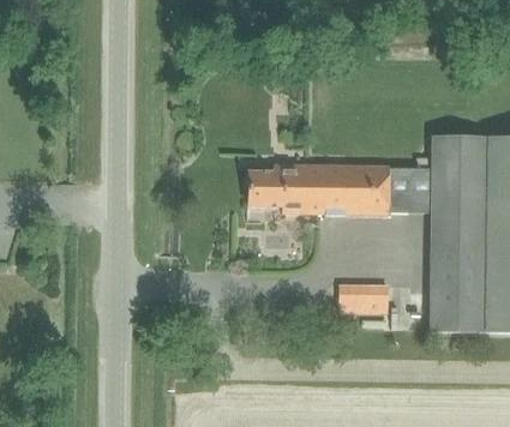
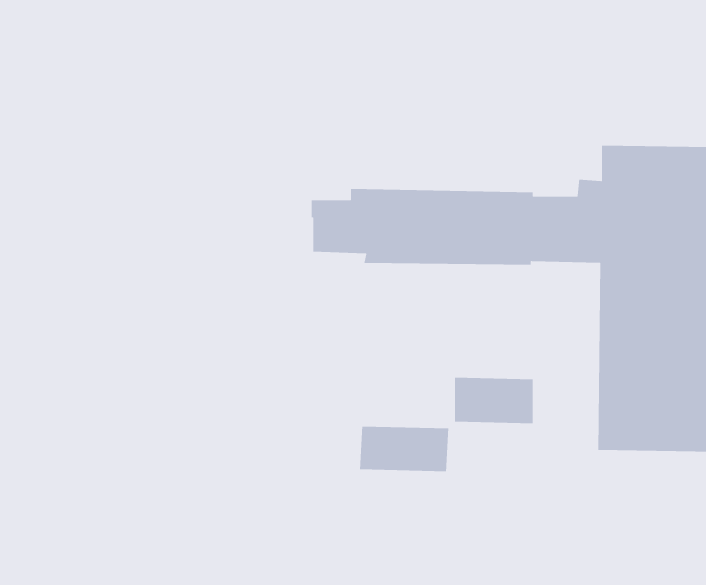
building: none -> [359,426,449,472]

